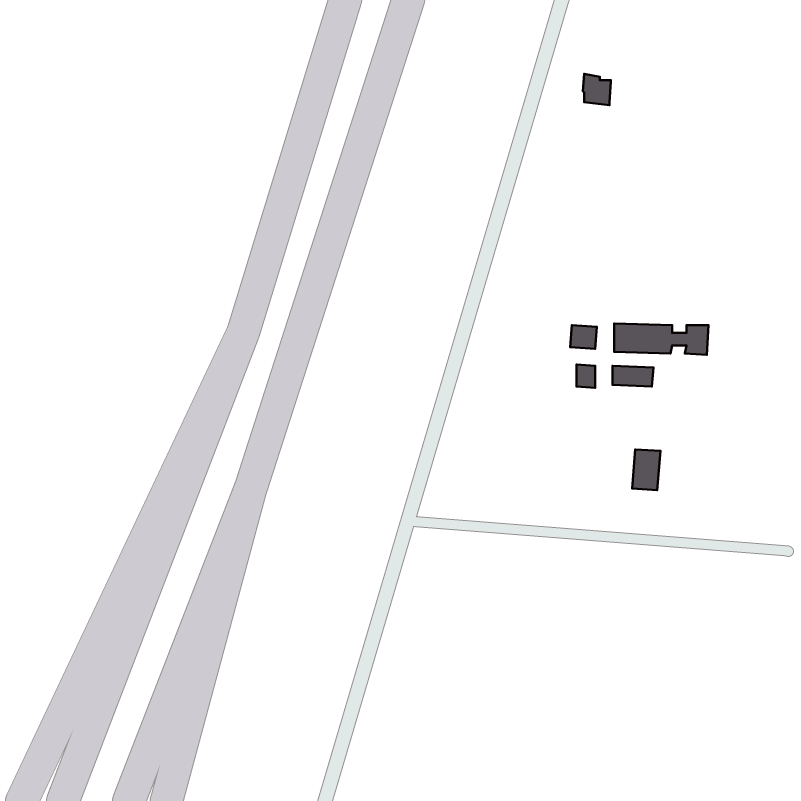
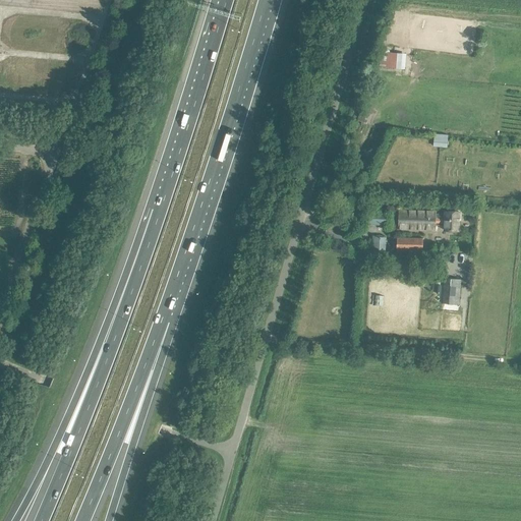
building: [632,449,660,490] -> [442,278,460,304]

